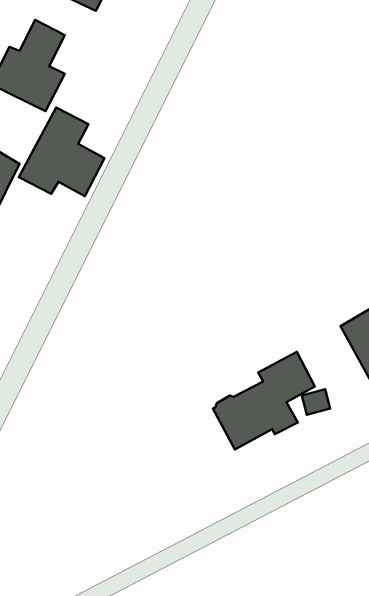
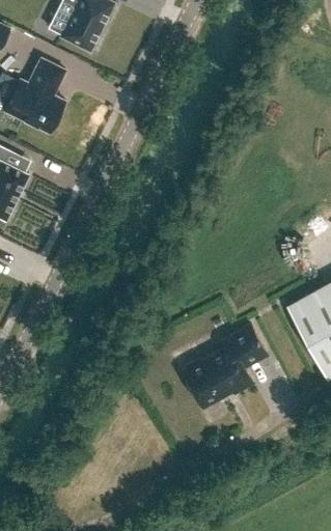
building: [19,107,104,196] -> none

